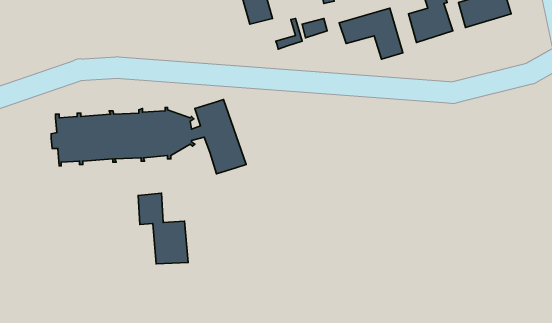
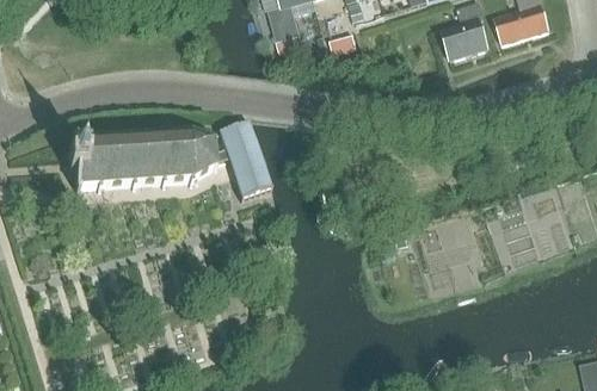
building: [339,8,403,59] -> none
building: [138,193,188,264] -> none

